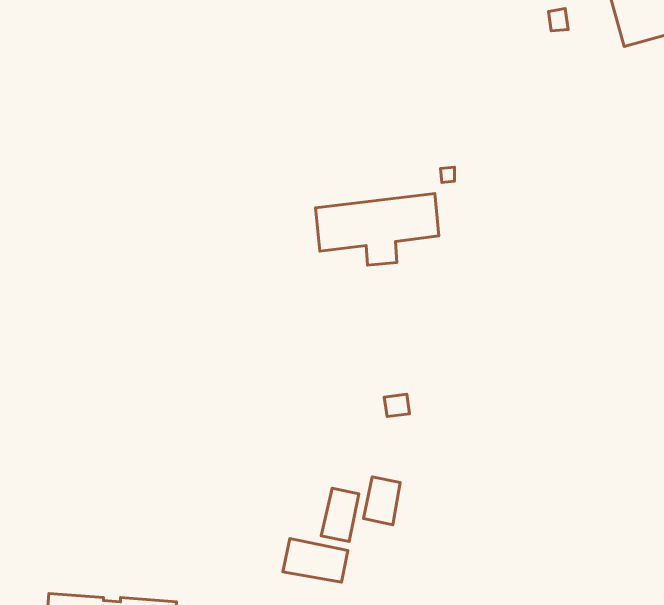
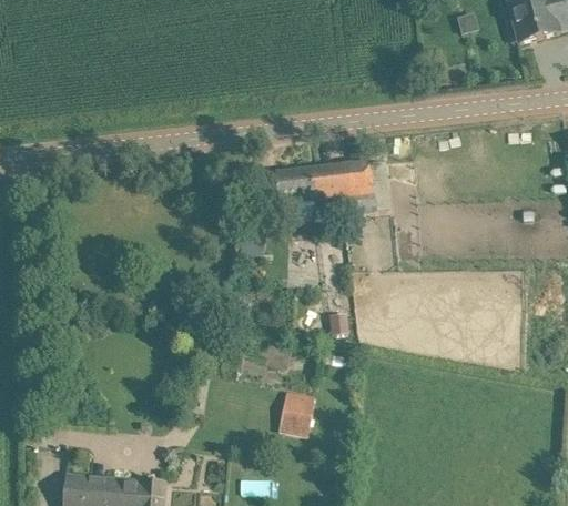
building: [364,477,400,525] -> none
building: [283,539,348,582] -> none

